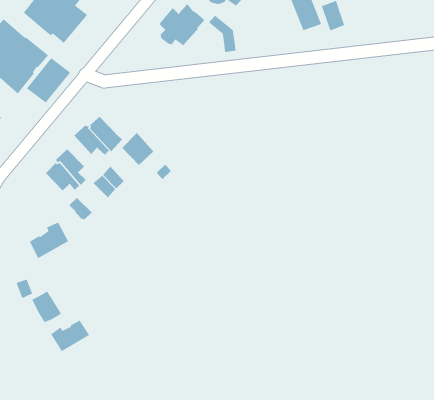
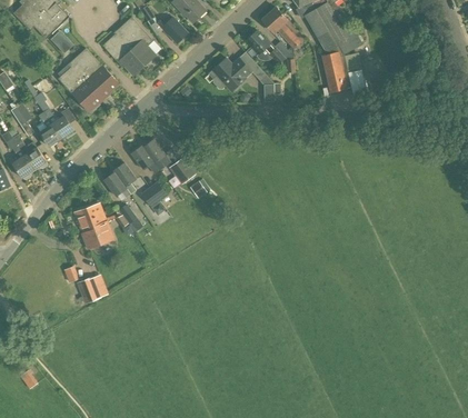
building: [26,57,71,104] -> none
building: none -> [72,202,108,235]
building: [50,320,90,352] -> none

